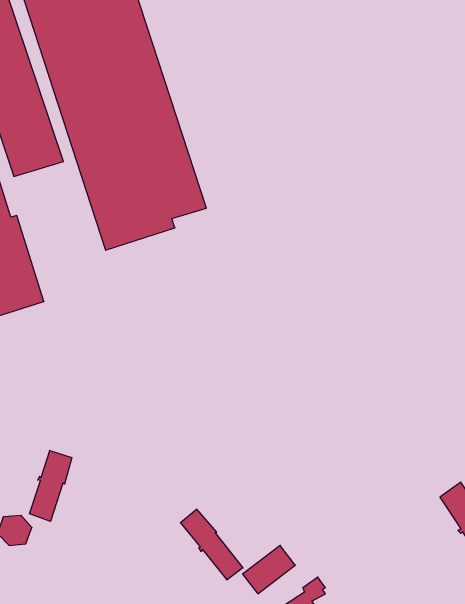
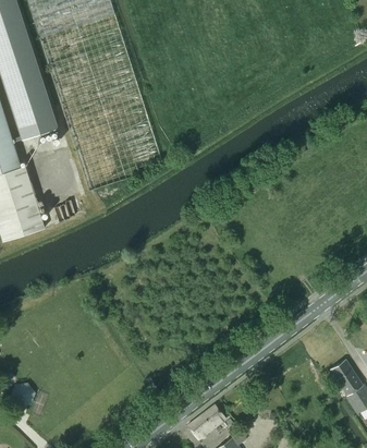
building: [30,450,72,521] -> none
building: [181,509,243,580] -> none

